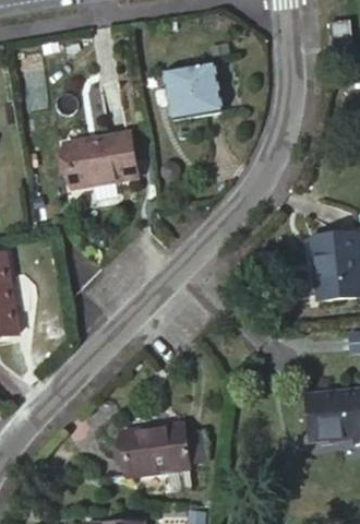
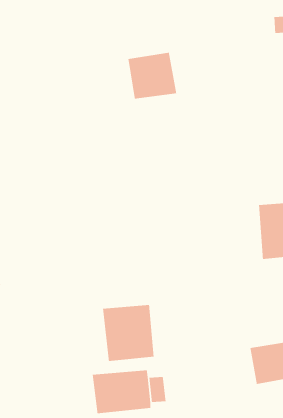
building: [67,131,137,183] -> none
building: none -> [102,304,155,362]

